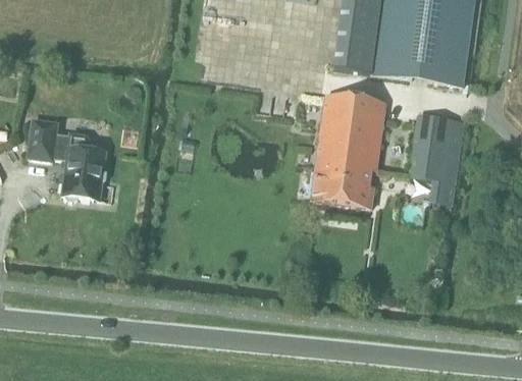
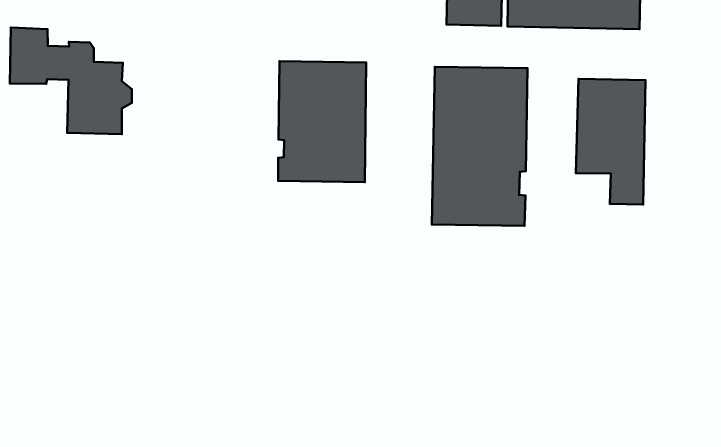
building: none -> [278,61,366,182]
building: [25,119,107,200] -> [10,27,132,134]

